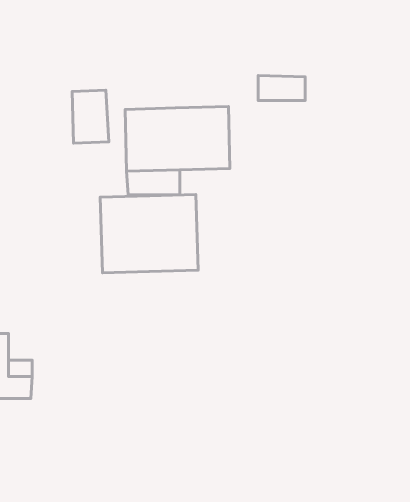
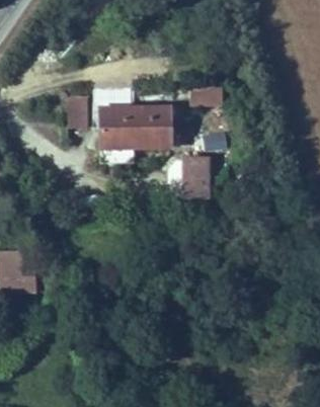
building: none -> [192,151,217,191]
building: [100,194,198,273] -> none

